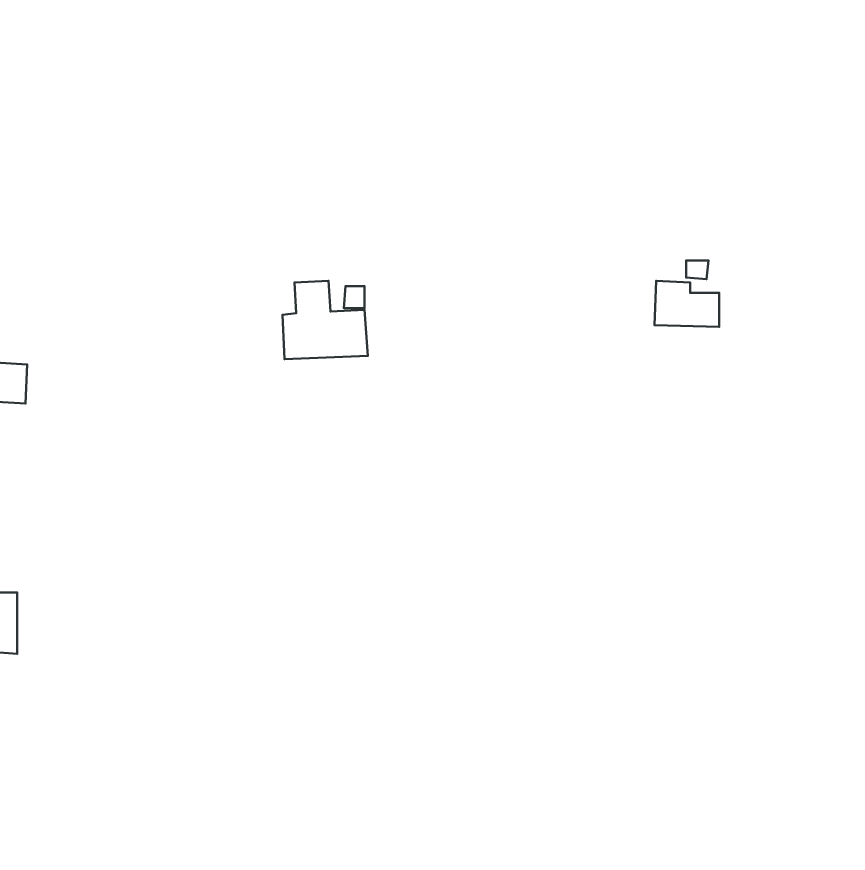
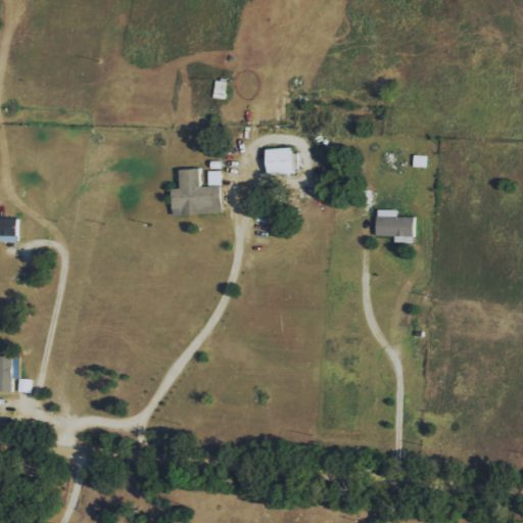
building: none -> [266,148,293,175]
building: [655,281,719,327] -> [374,209,413,237]

